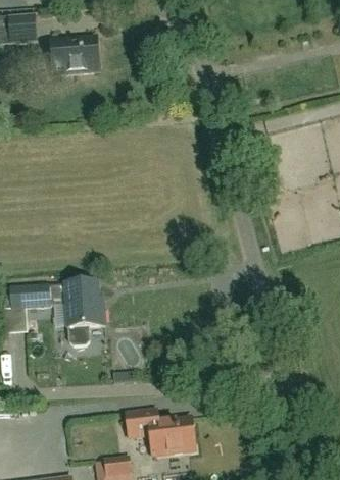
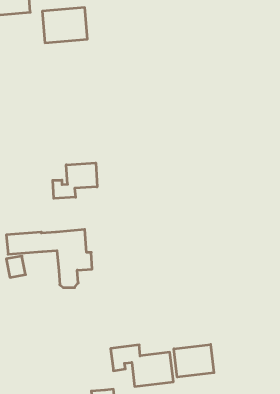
building: none -> [53,163,97,198]
building: none -> [174,344,214,377]

